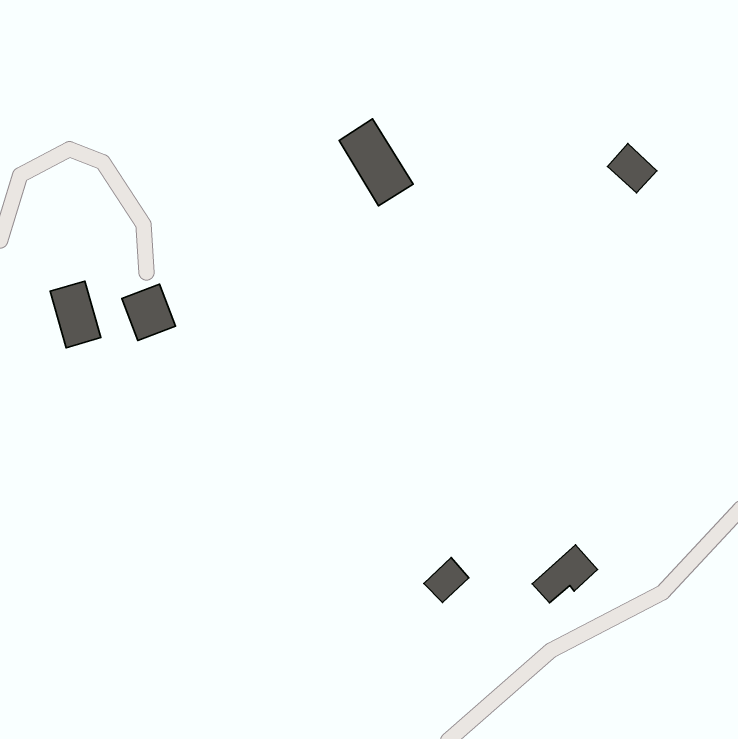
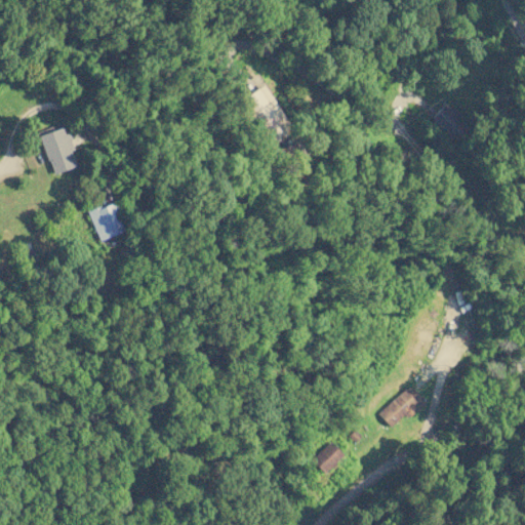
building: [50,281,101,348] -> [41,128,77,175]
building: [424,557,469,602] -> [312,442,344,474]

